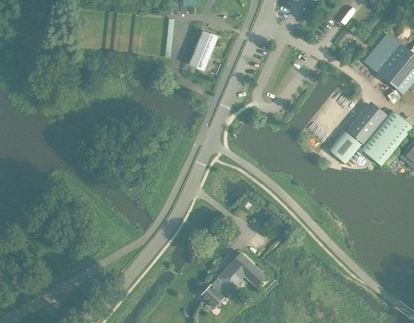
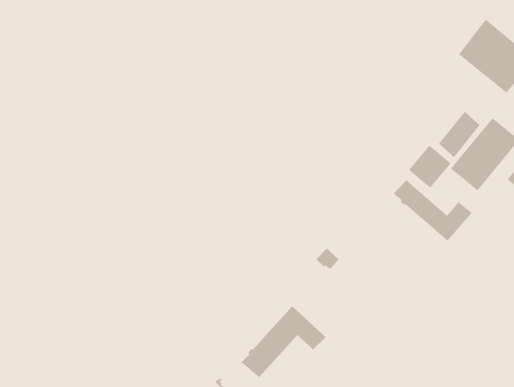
building: [189,31,215,69] -> none
building: none -> [393,180,472,241]

